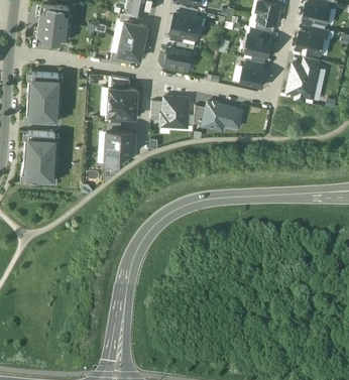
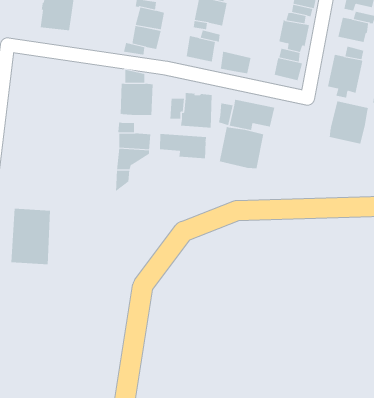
building: none -> [220,51,251,74]
building: [26,74,61,124] -> none
building: none -> [329,101,369,144]
building: none -> [219,126,264,169]
building: none -> [159,133,207,159]
building: [22,133,57,182] -> [10,208,51,265]

